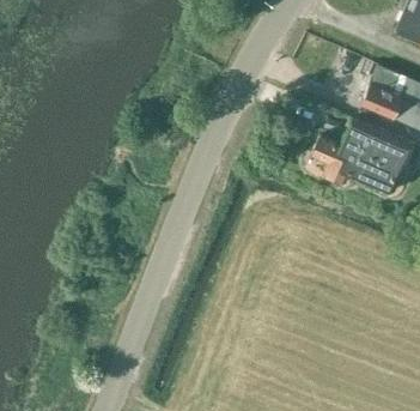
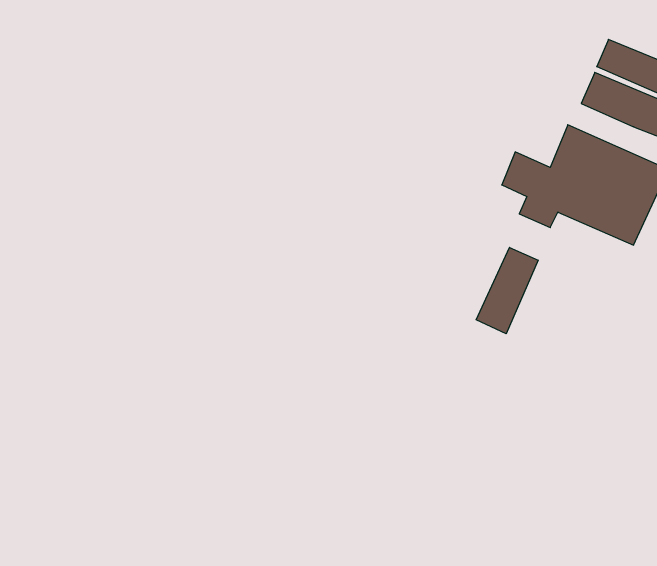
building: none -> [476,247,538,334]

